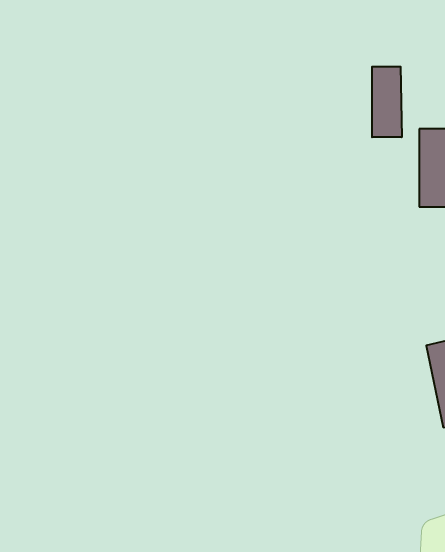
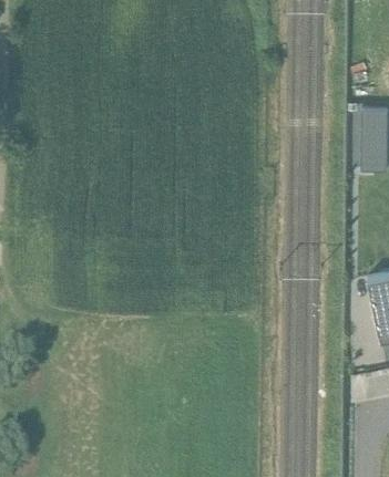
building: [372,67,402,137] -> none

